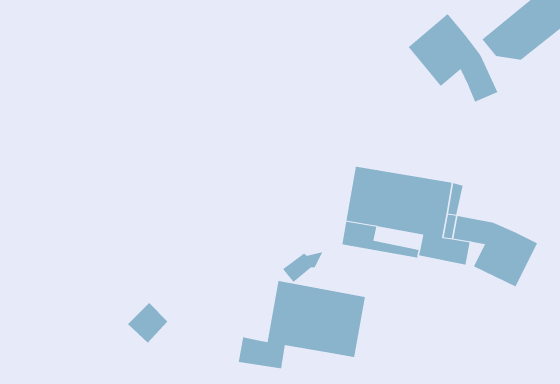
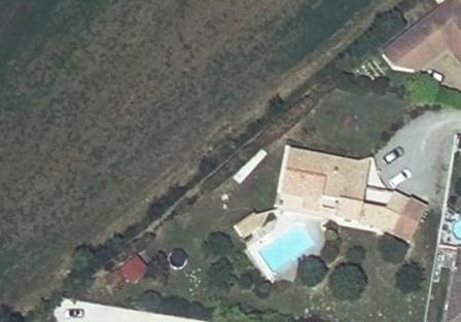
building: [408,13,498,102] -> none
building: [238,280,365,369] -> none

